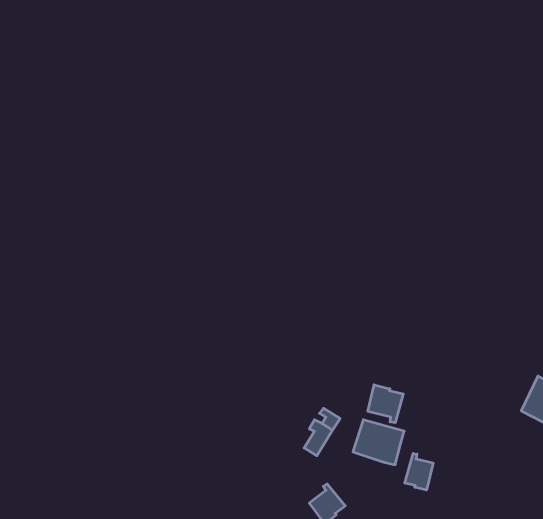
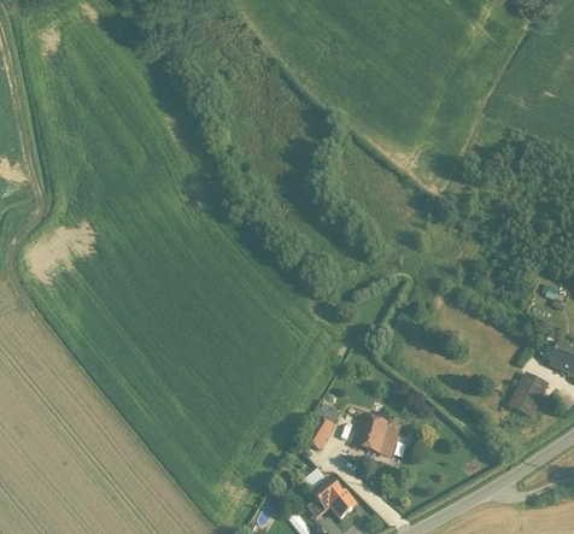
building: [368,385,403,423] -> none
building: [405,453,433,490] -> none

